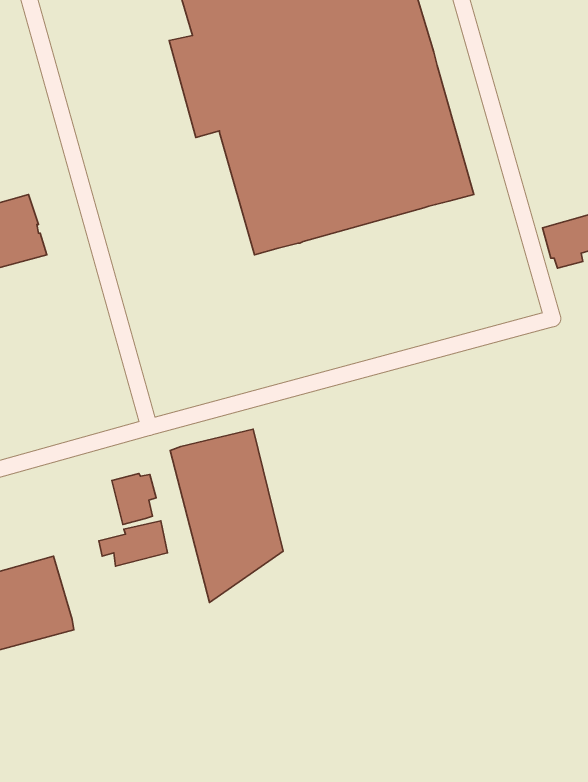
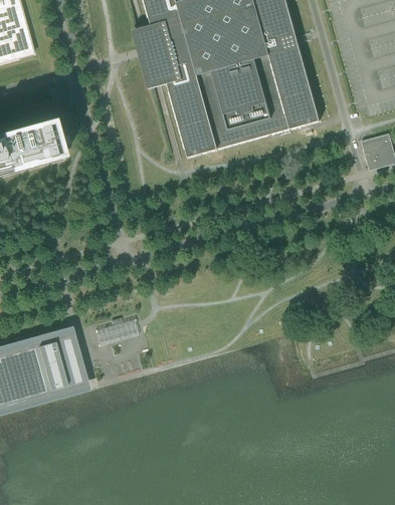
building: [170,429,283,602] -> none
building: [112,474,156,525] -> none

